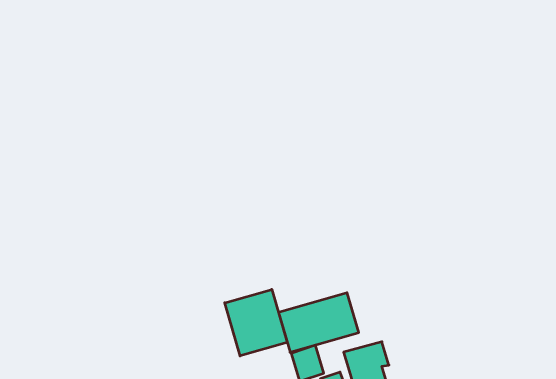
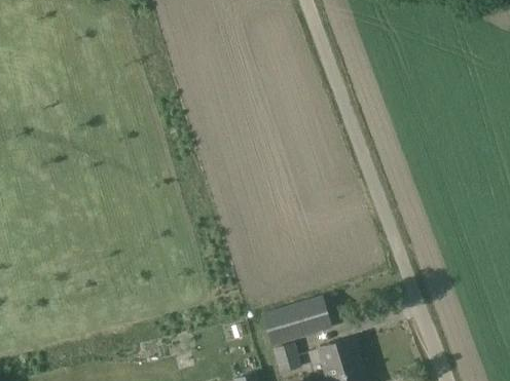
building: [225,289,287,356] -> none

